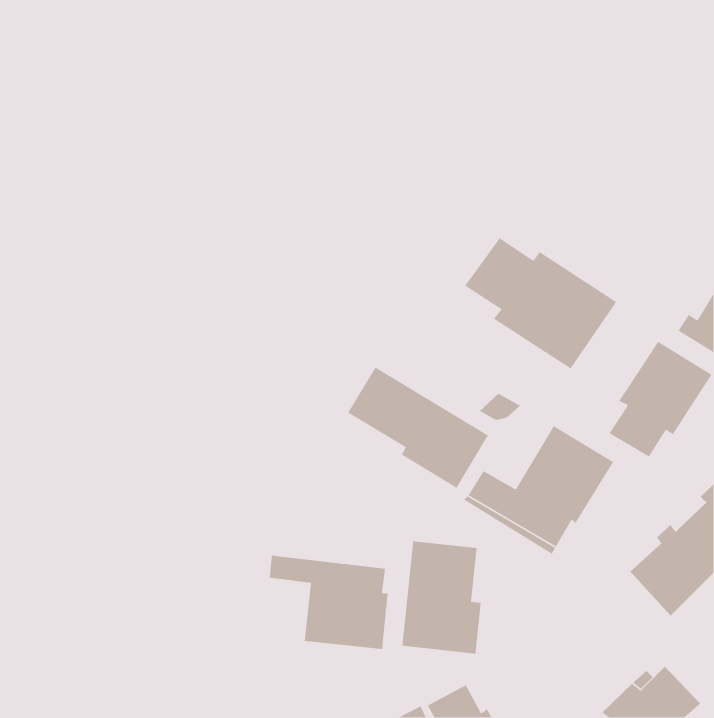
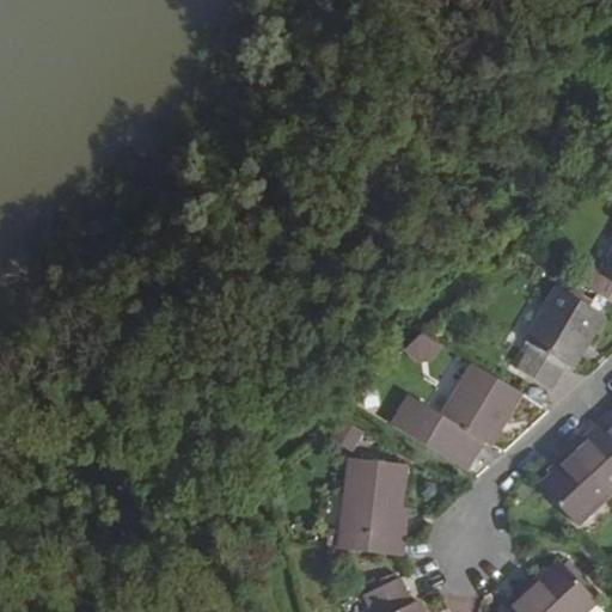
building: [464,237,617,370] -> none
building: [347,366,489,489] -> none
building: [269,555,388,650] -> none

